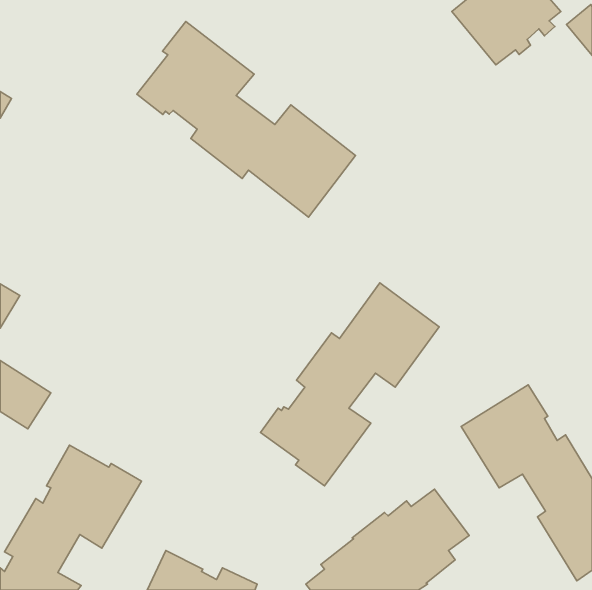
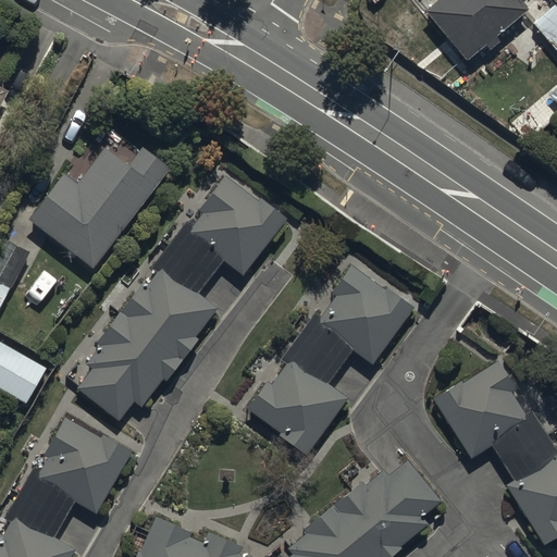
building: [137,22,356,217] -> none
building: none -> [30,147,171,269]
building: none -> [77,174,289,423]

